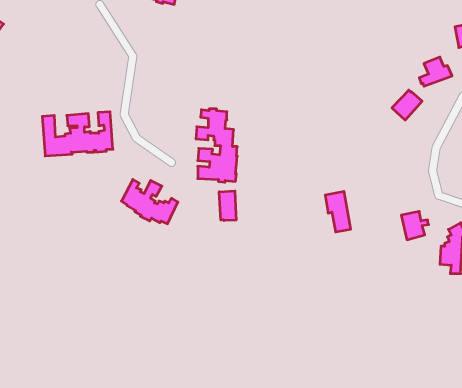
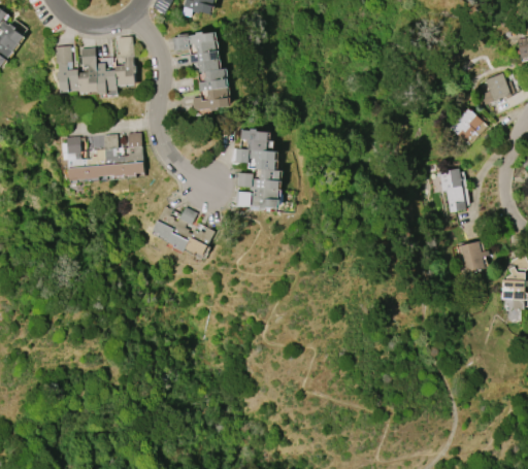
building: none -> [172,33,230,112]
building: none -> [56,37,137,94]
building: [219,191,236,221] -> none
building: [325,191,351,232] -> [438,169,466,213]

